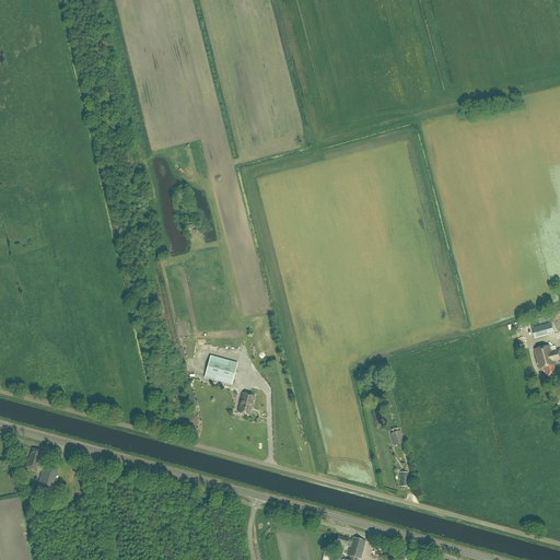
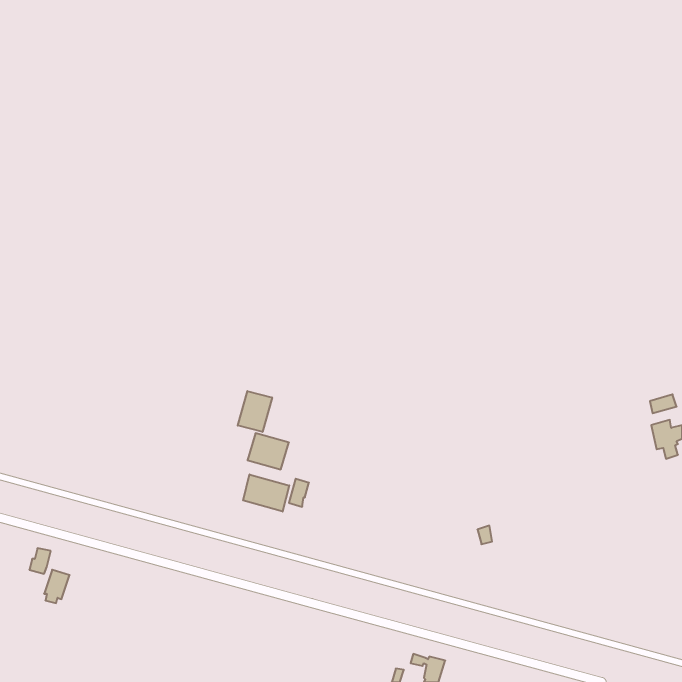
building: none -> [238,391,272,432]
building: none -> [243,474,289,512]

